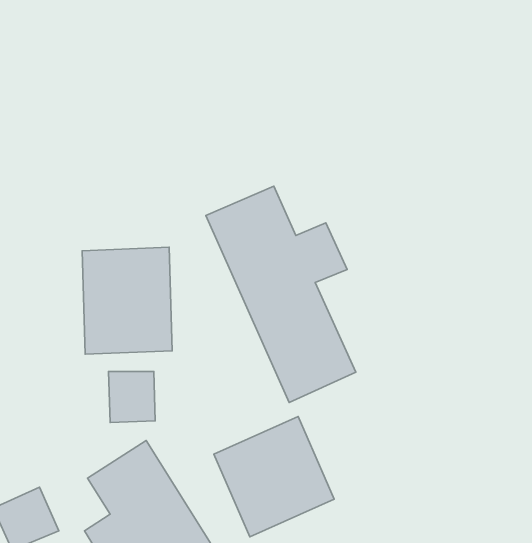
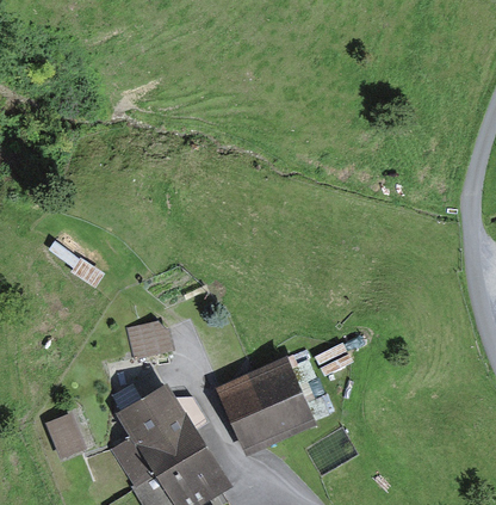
building: [206,186,356,403] -> none
building: [82,247,172,354] -> none

